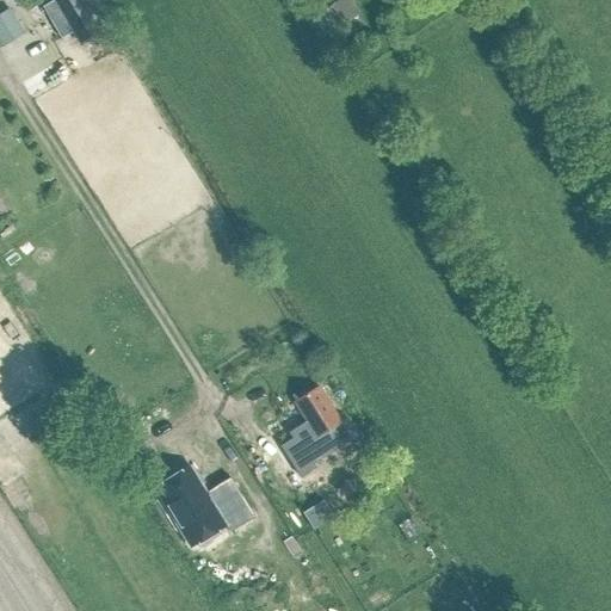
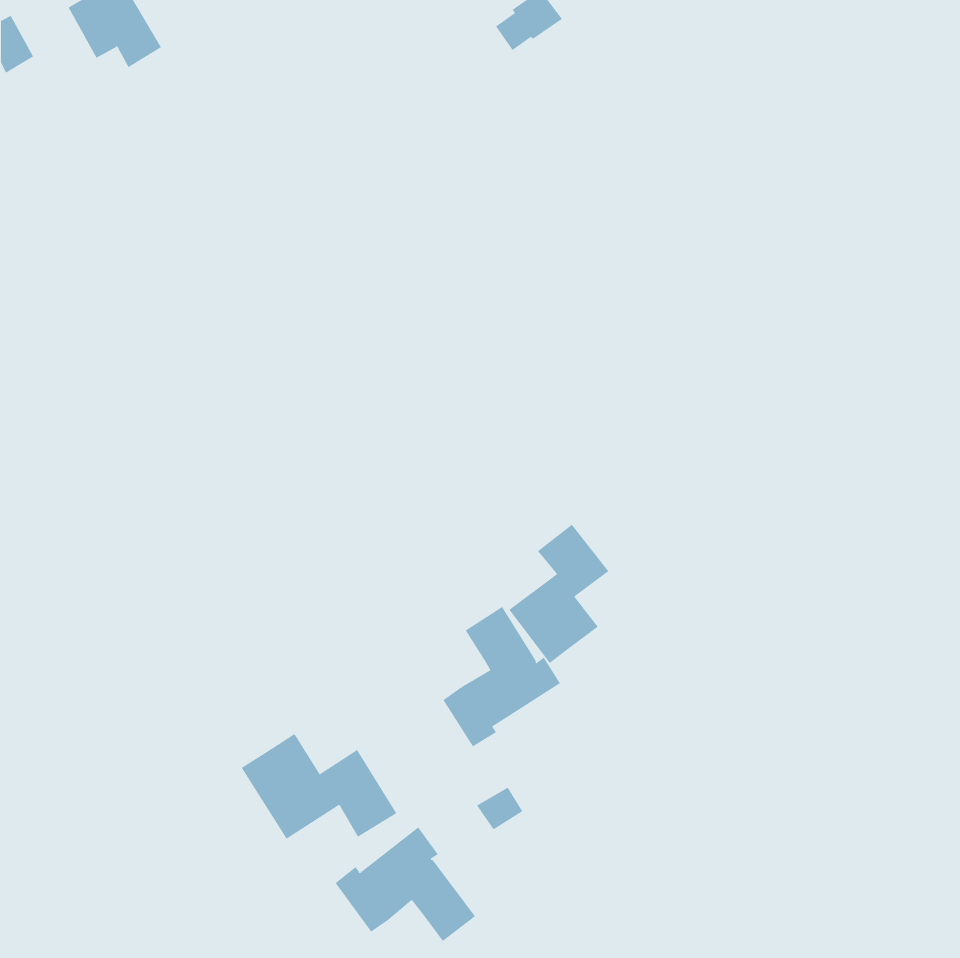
building: none -> [509,524,609,664]
building: none -> [335,826,476,942]

